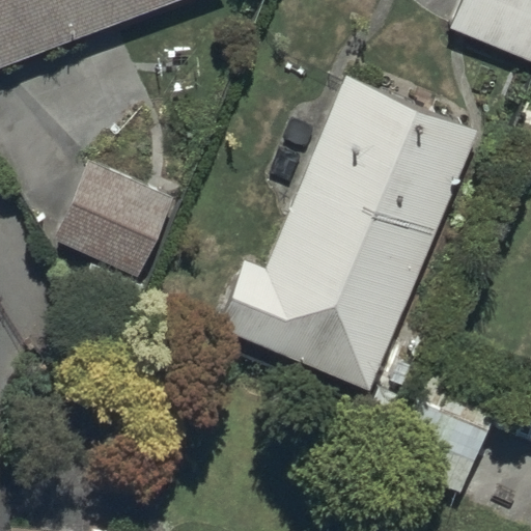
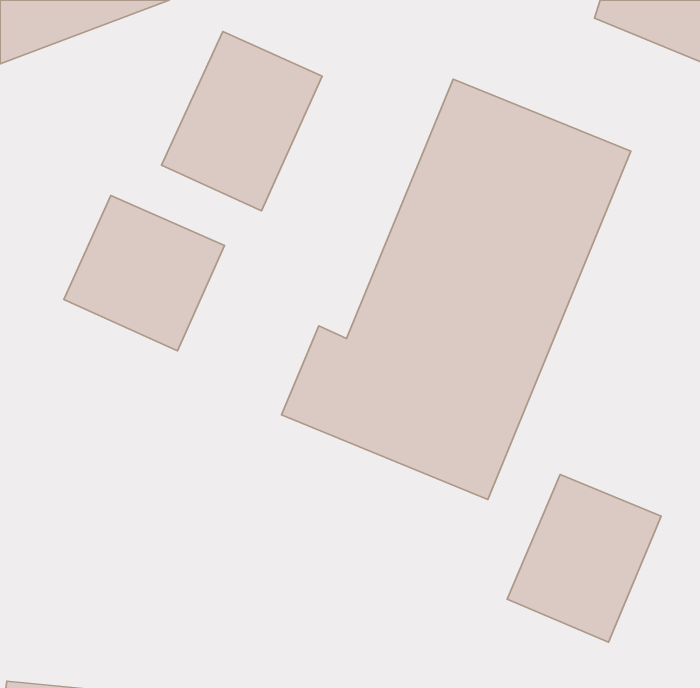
building: none -> [161,32,322,211]

